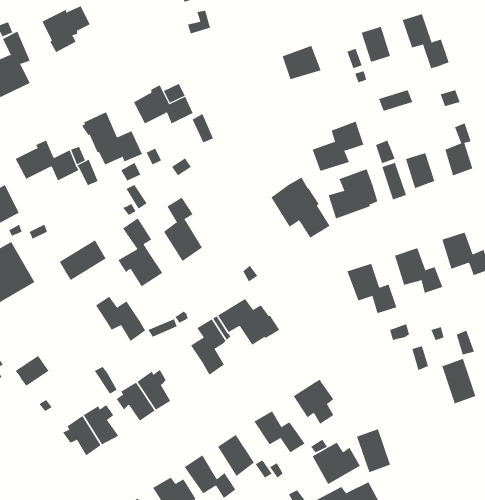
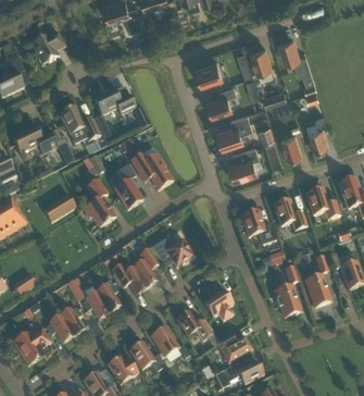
building: none -> [206,84,236,114]
building: [270,177,330,239] -> [130,147,172,189]
building: [95,296,146,342] -> [111,263,146,295]
building: [356,429,391,473] -> [275,286,299,317]
building: none -> [14,329,50,364]

